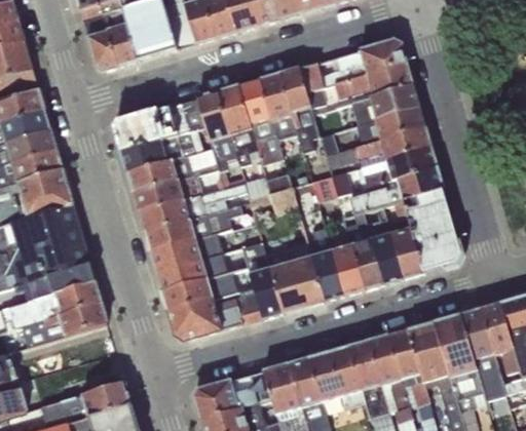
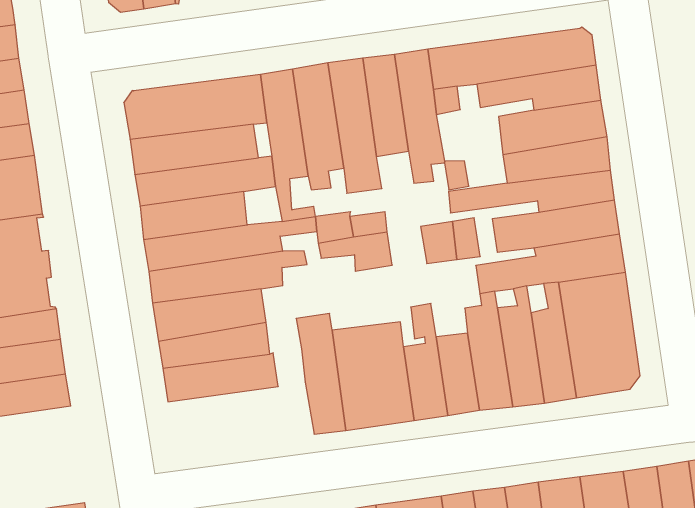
building: [167,286,262,341] -> none

